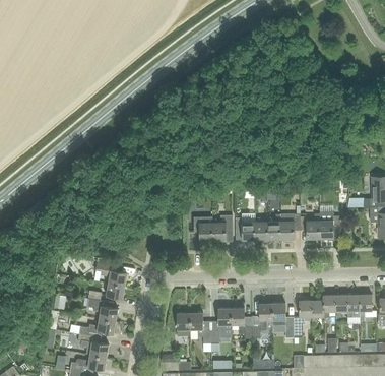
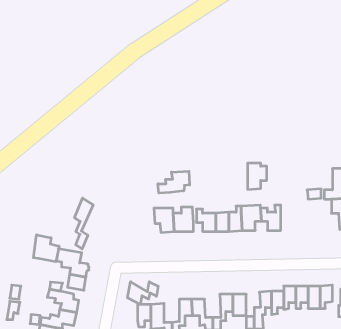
building: none -> [158,171,190,193]
building: none -> [75,198,93,249]
building: [320,212,339,239] -> [248,163,267,189]
building: none -> [33,235,59,262]
building: none -> [128,282,158,304]

